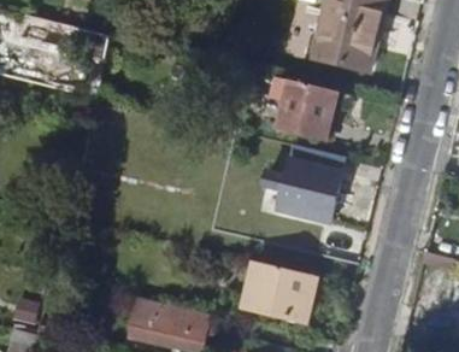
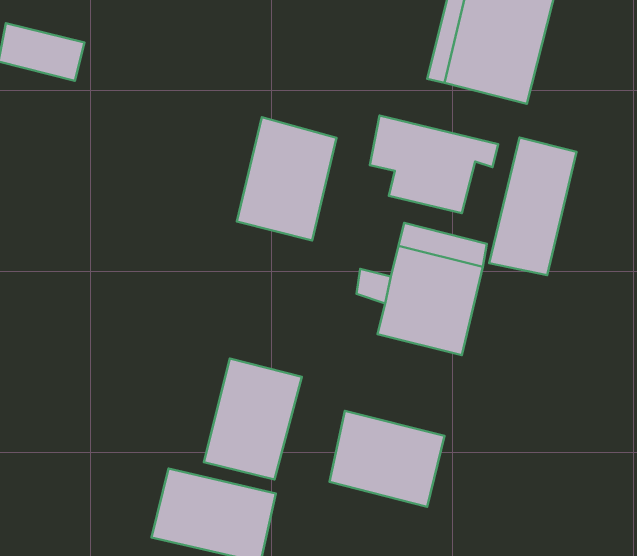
building: none -> [237,117,336,240]
building: none -> [489,138,577,275]
building: none -> [204,359,302,480]

